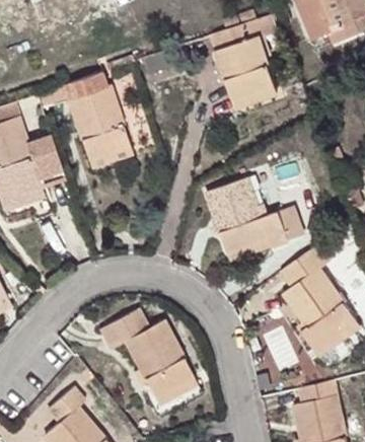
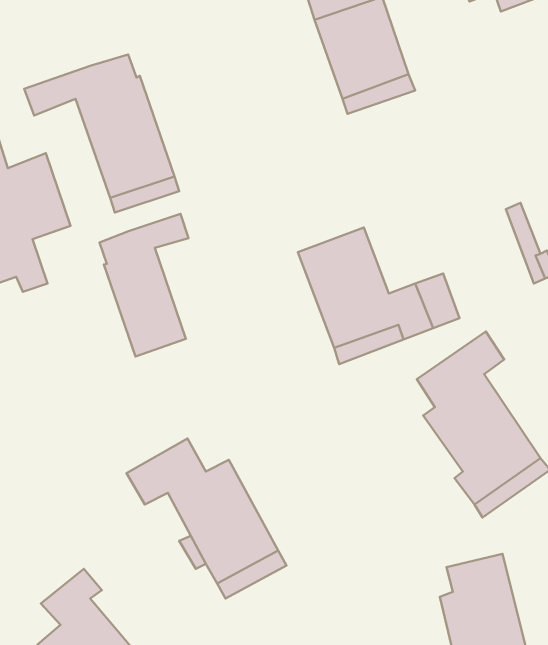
building: none -> [100,214,188,357]

